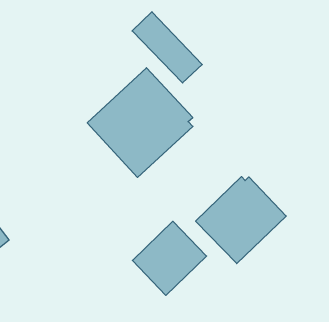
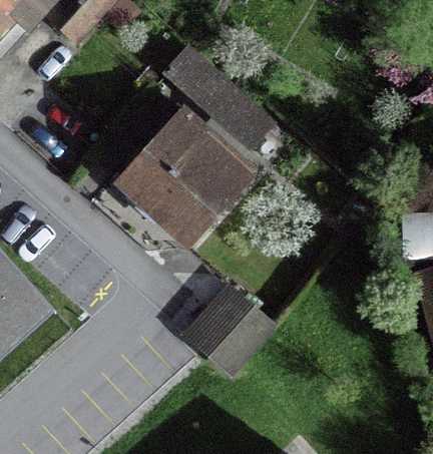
building: [196,177,286,264] -> none

